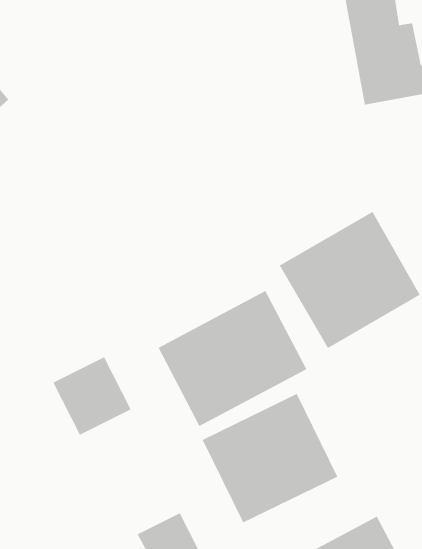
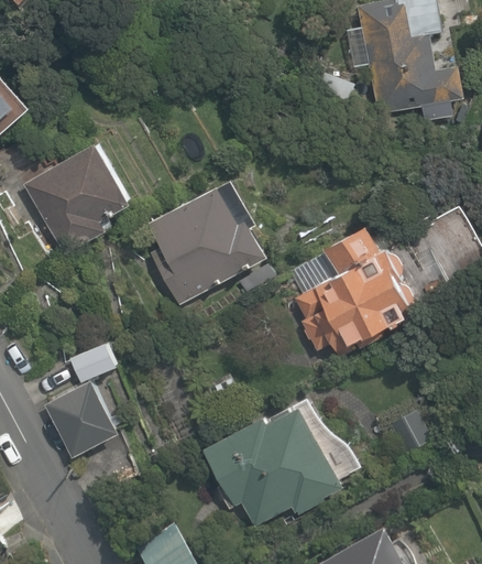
building: none -> [23,144,127,252]
building: none -> [134,175,278,305]
building: [158,290,307,427] -> none

